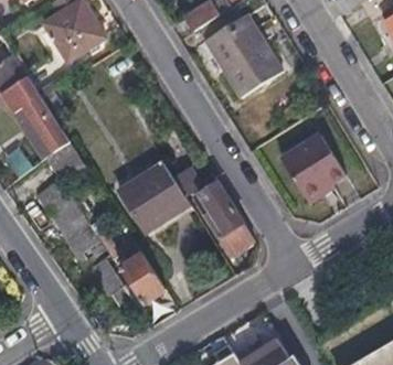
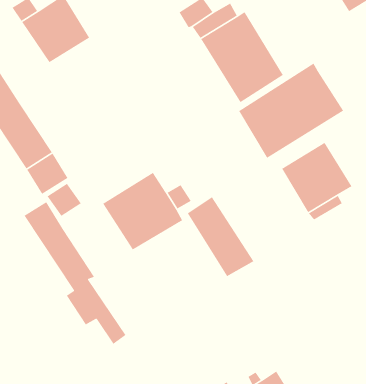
building: none -> [238,63,344,159]
building: [118,255,166,304] -> none

